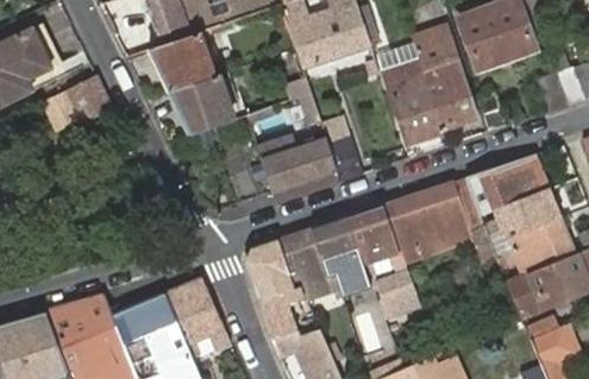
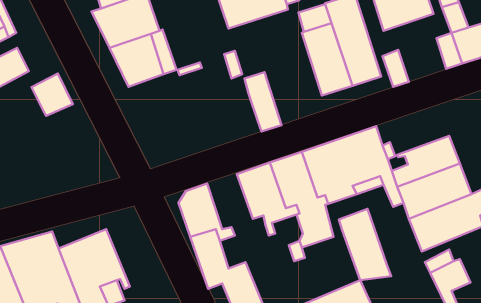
building: [65,74,112,121] -> [31,73,73,116]
building: [256,134,336,192] -> none
building: [480,150,560,209] -> none
building: [278,230,344,299] -> none
building: none -> [339,209,391,280]
building: [165,278,232,356] -> none

